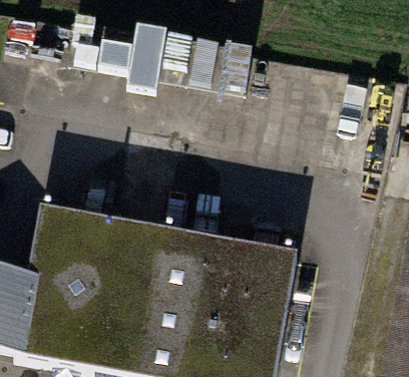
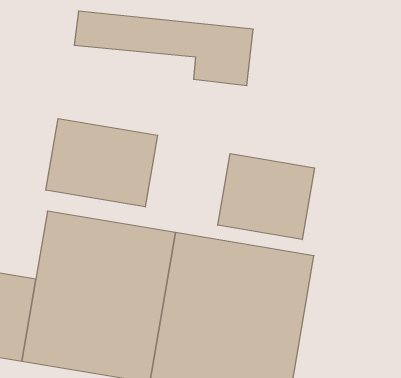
building: none -> [46,119,158,207]
building: none -> [218,154,315,240]

